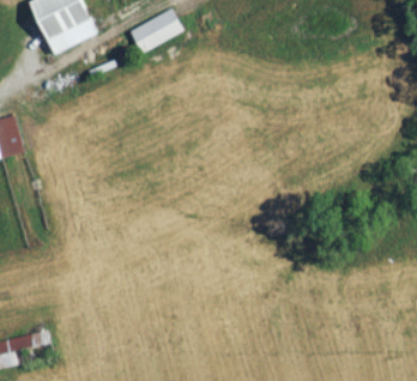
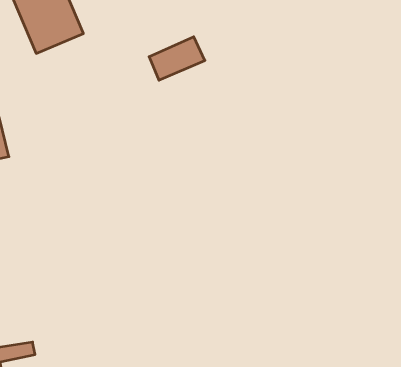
building: [129,10,183,52] -> [149,37,205,80]

